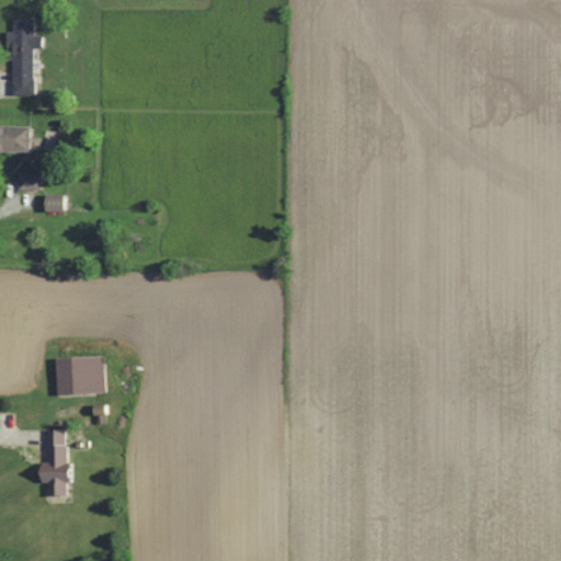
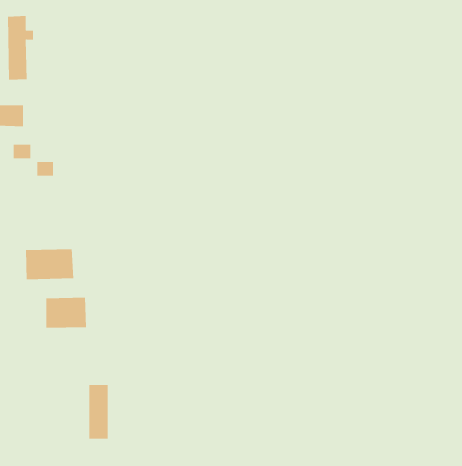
building: none -> [26,248,74,280]
building: [44,431,68,496] -> [88,385,108,439]

